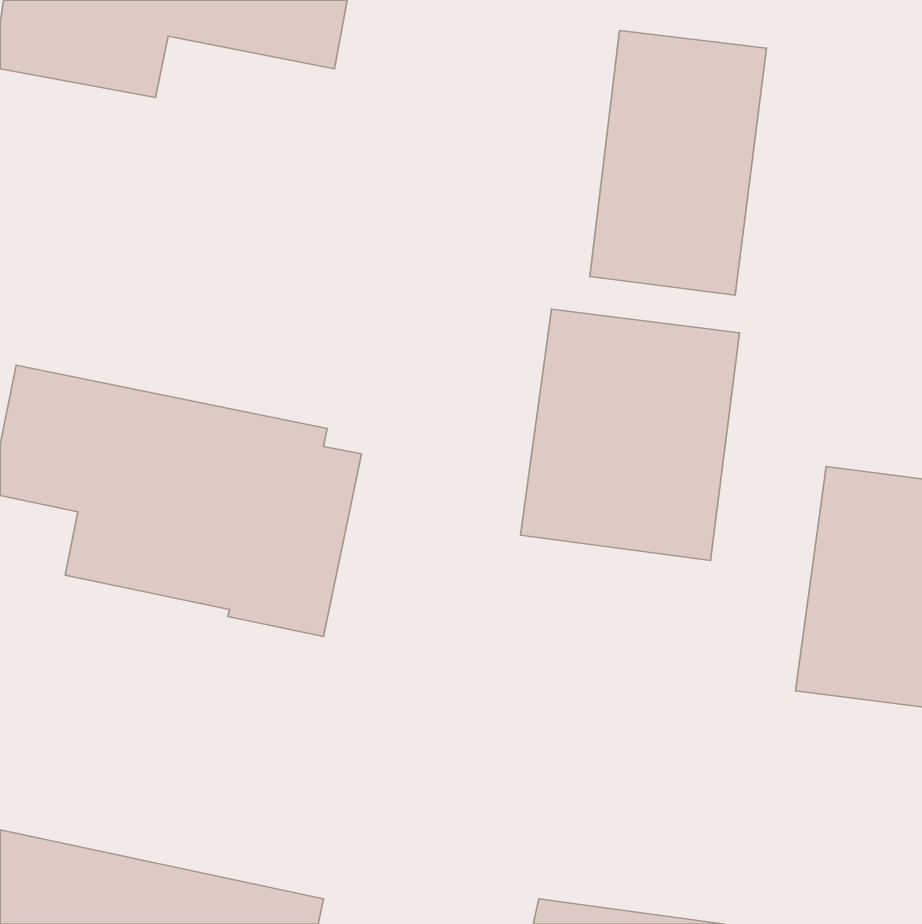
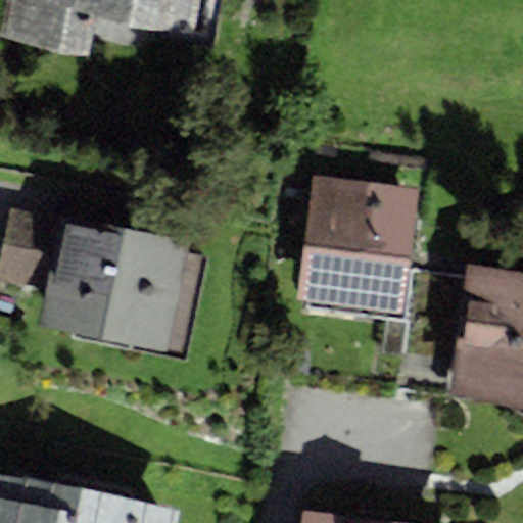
building: [590,31,766,295] -> none

